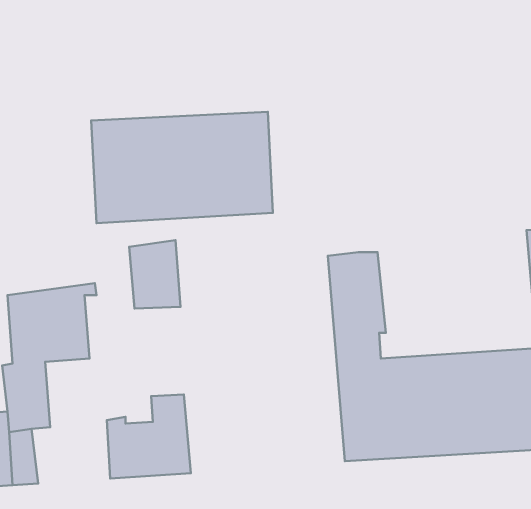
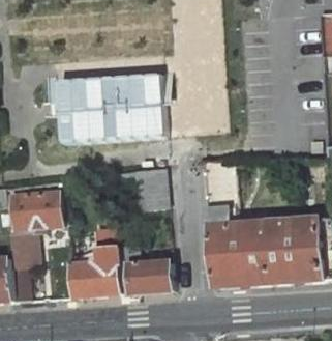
building: [129,240,181,309] -> [133,167,164,208]
building: none -> [116,247,171,294]

